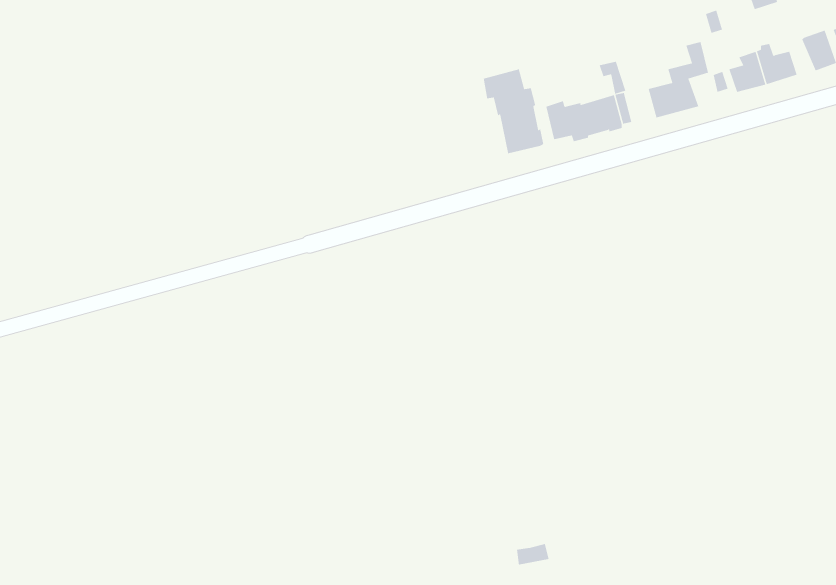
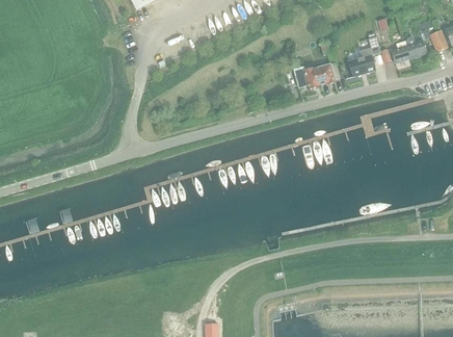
building: [483,69,544,154] -> none

